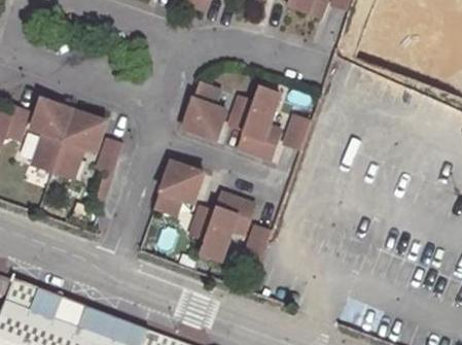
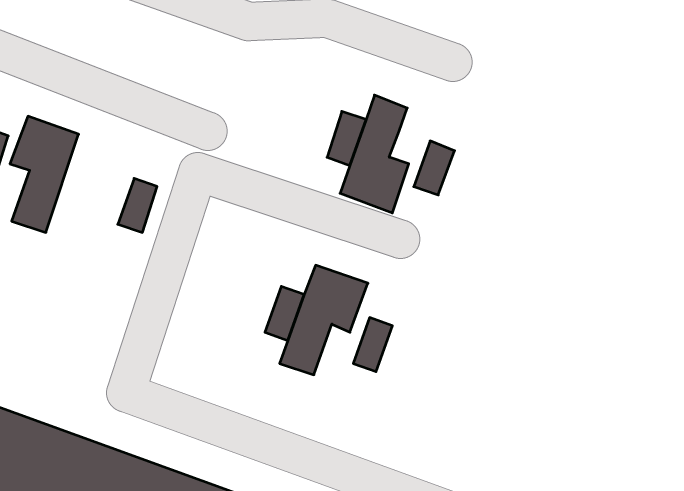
building: [183,81,226,140] -> none
building: [52,110,106,179] -> none
building: [155,162,204,216] -> none

